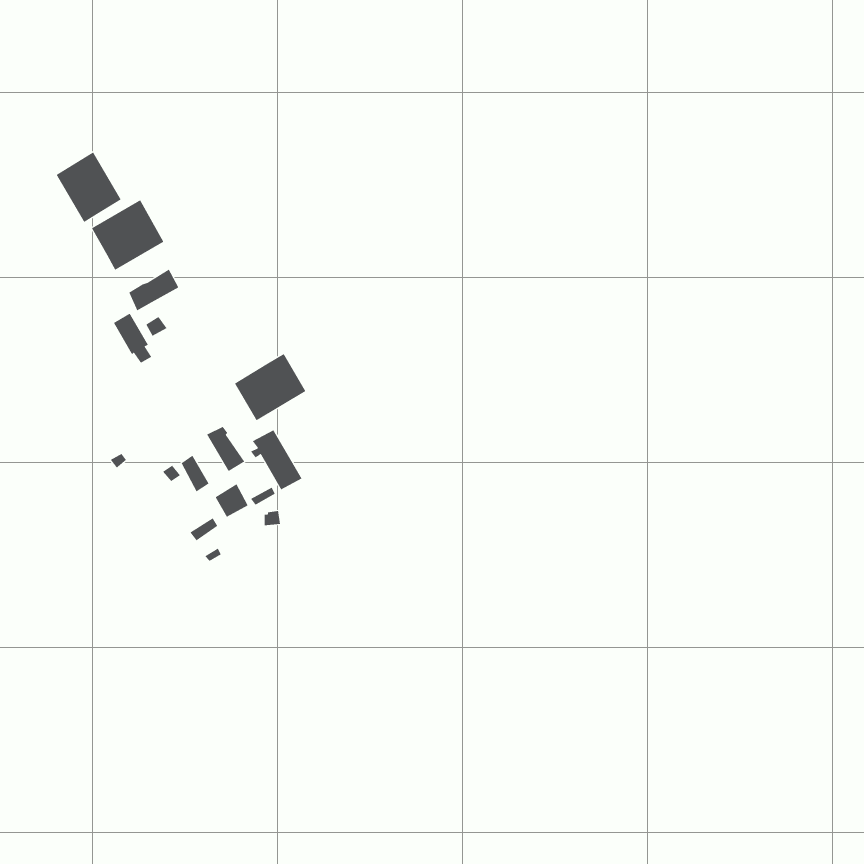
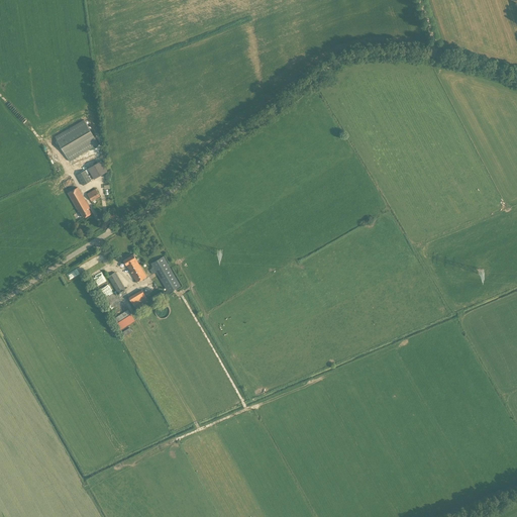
building: [56,152,121,223] -> none
building: [234,353,306,421] -> none

